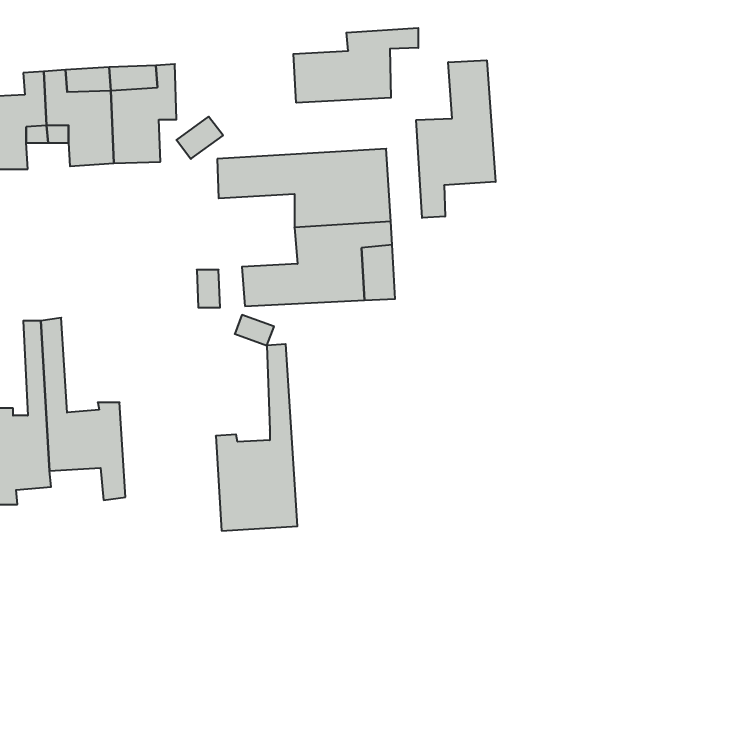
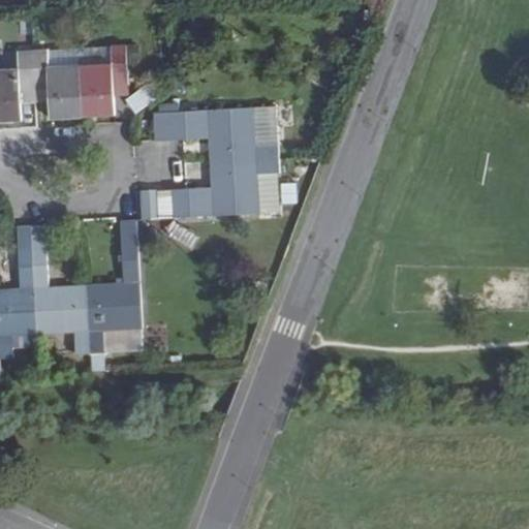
building: [293,28,418,103] -> none
building: [416,60,496,218] -> none
building: [216,344,297,531] -> [85,220,143,352]

